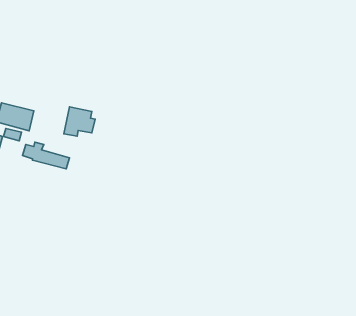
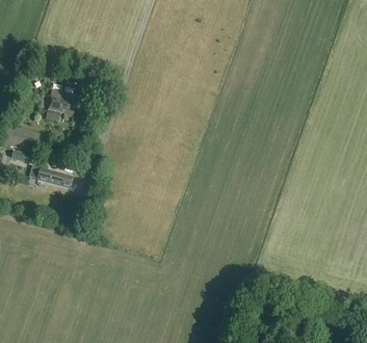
building: [64,107,95,136] -> [48,90,77,117]

